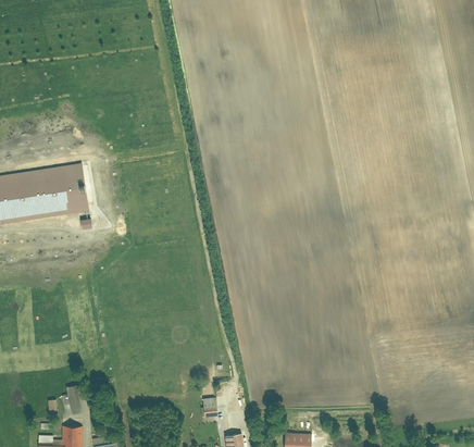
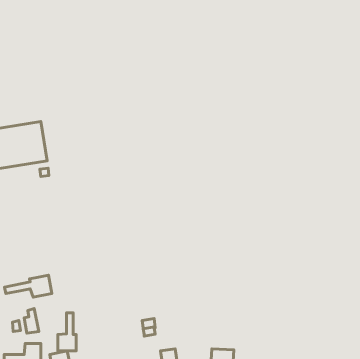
building: none -> [5,275,52,297]
building: none -> [58,313,76,351]

